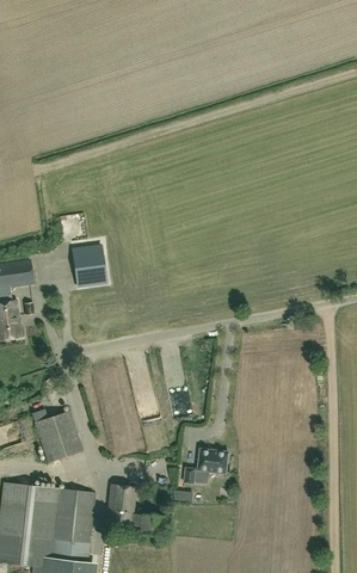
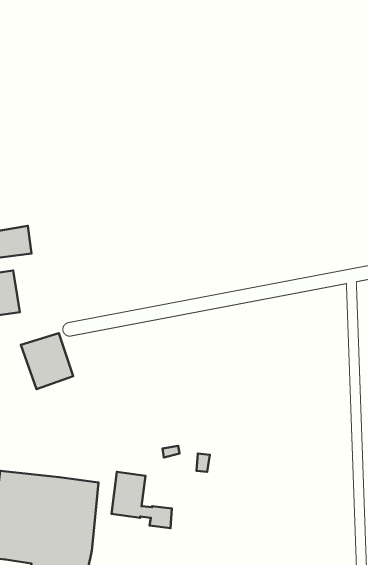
building: [70,245,105,284] -> none
building: [33,411,81,462] -> [21,333,73,389]
building: [197,448,227,473] -> none

